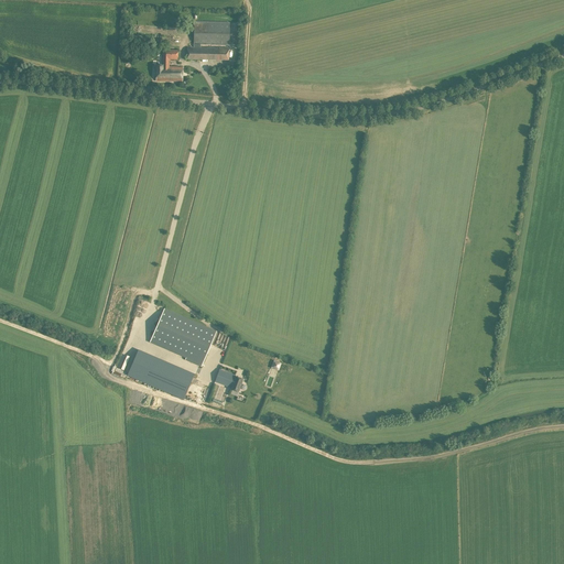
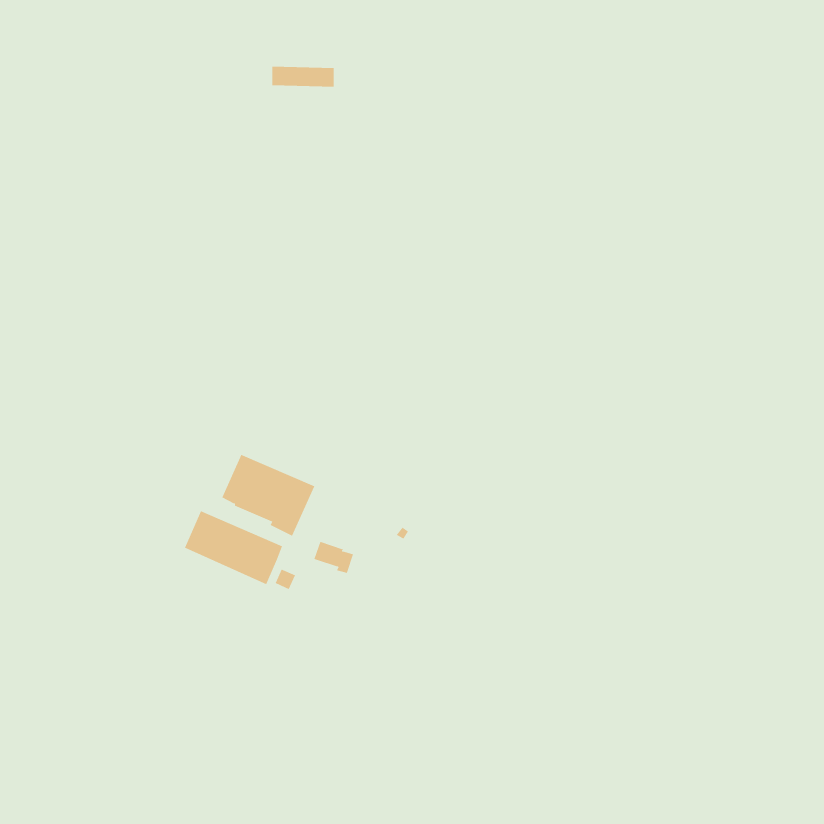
building: [192,21,228,44] -> none
building: [155,50,182,80] -> none

